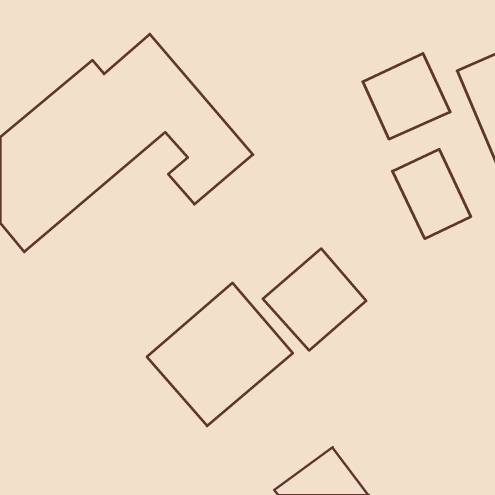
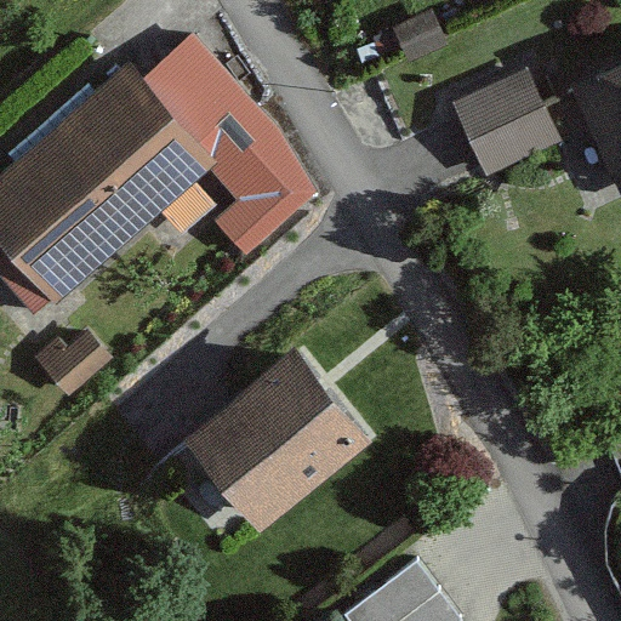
building: [392,149,471,239] -> none
building: [263,249,366,350] -> none

